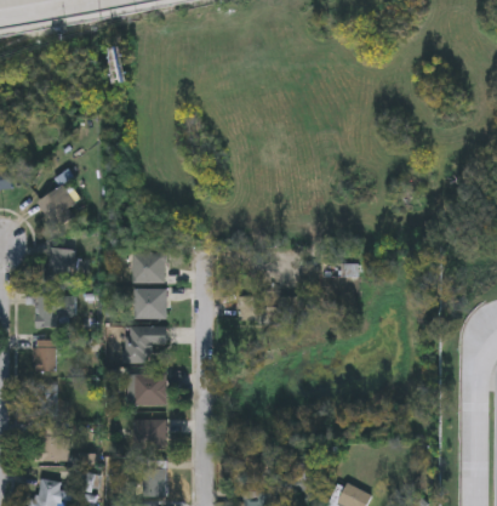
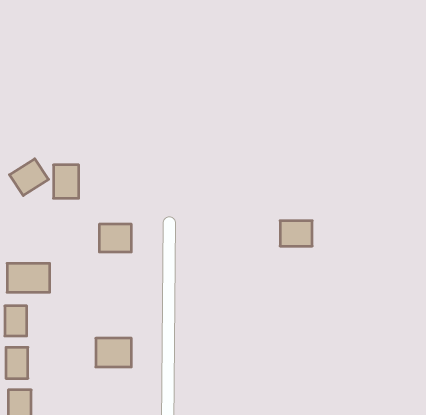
building: [50,248,76,283] -> [53,165,79,198]
building: [133,289,166,319] -> none
building: [125,326,167,363] -> none
building: [133,419,166,449] -> none

